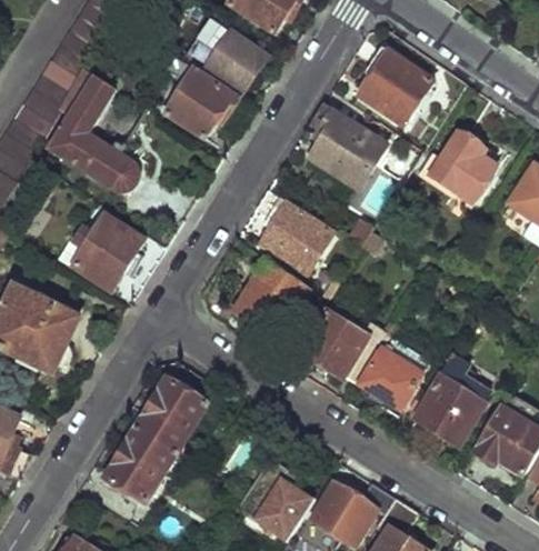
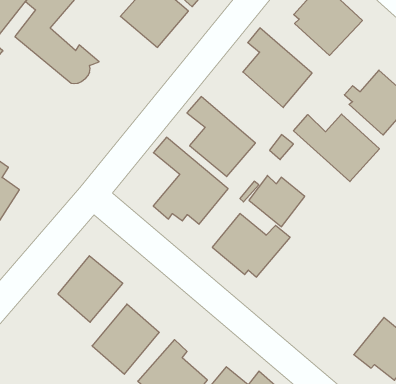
building: none -> [294,114,379,182]
building: [73,216,144,290] -> none
building: [359,352,420,407] -> [249,175,305,227]
building: [415,353,488,443] -> none
building: [104,427,177,504] -> [92,304,159,374]

